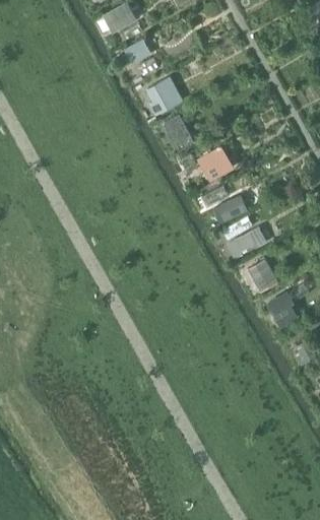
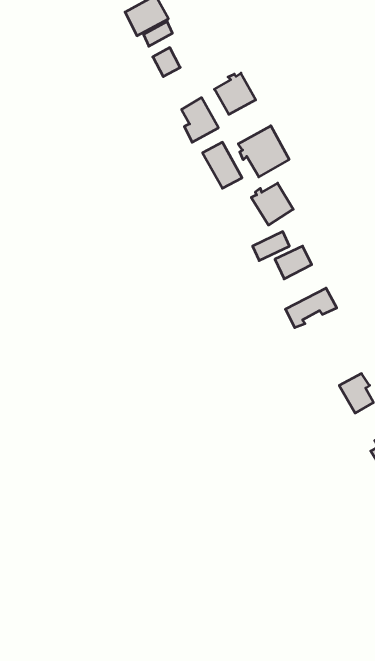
building: none -> [214,73,256,114]
building: none -> [238,126,289,177]
building: [247,258,277,291] -> none

